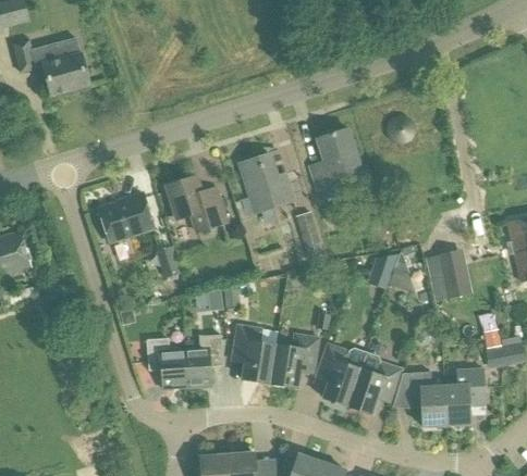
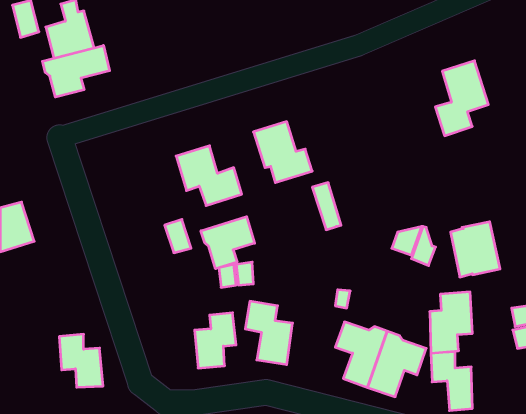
building: none -> [42,45,110,97]
building: [311,128,361,199] -> [435,61,488,136]
building: [100,195,154,241] -> none
building: none -> [201,217,255,269]
building: [271,333,320,388] -> none
building: [146,338,187,388] -> [59,334,103,387]
building: [445,367,486,425] -> [430,292,472,353]

